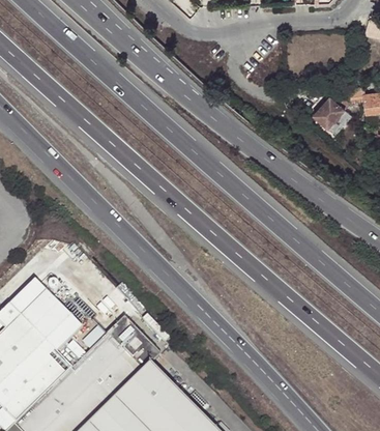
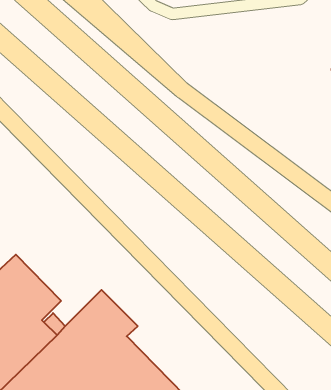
building: [314,92,350,126] -> none

